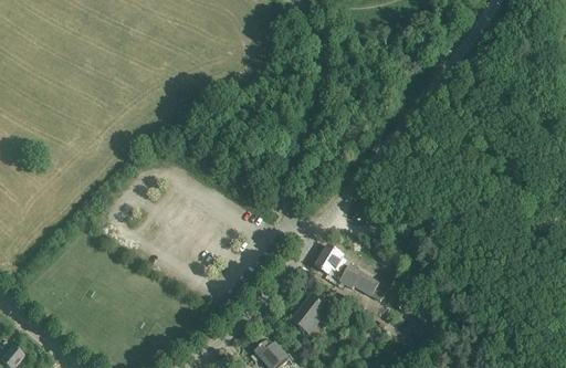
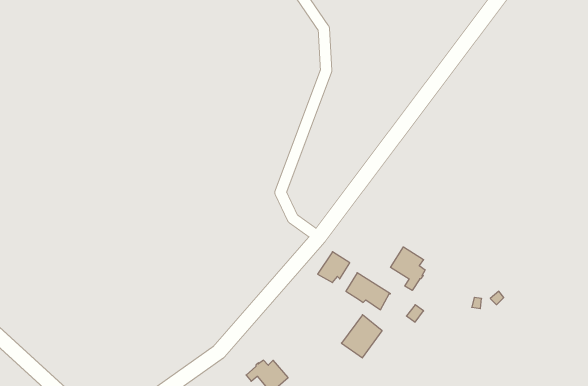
building: none -> [391,247,425,290]
building: [292,296,328,335] -> [341,315,382,358]

